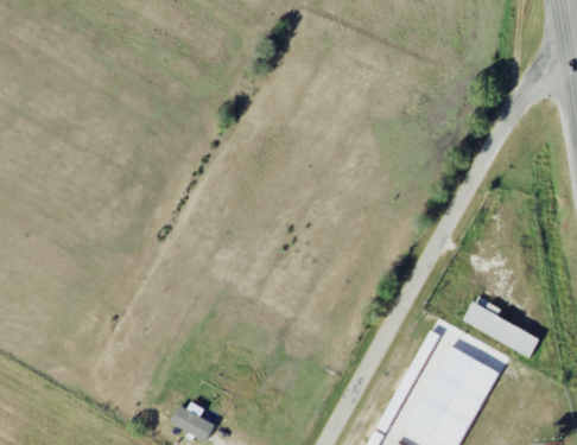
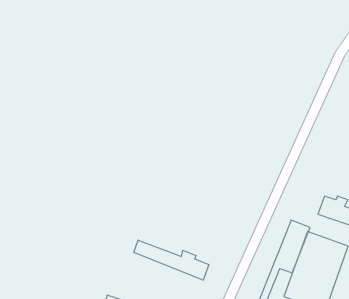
building: none -> [134,240,209,280]

